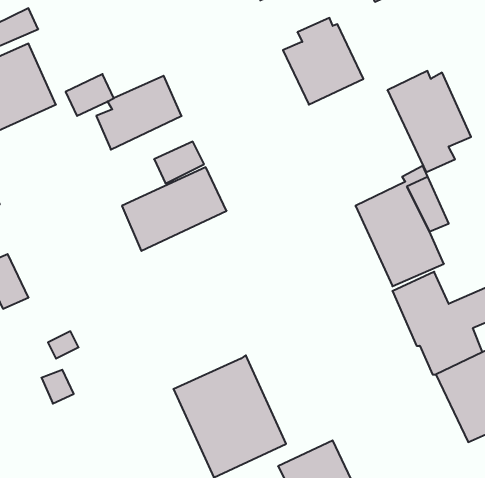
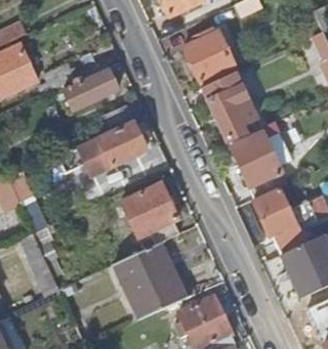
building: [387,71,471,172] -> [202,76,255,140]
building: none -> [122,184,180,245]

